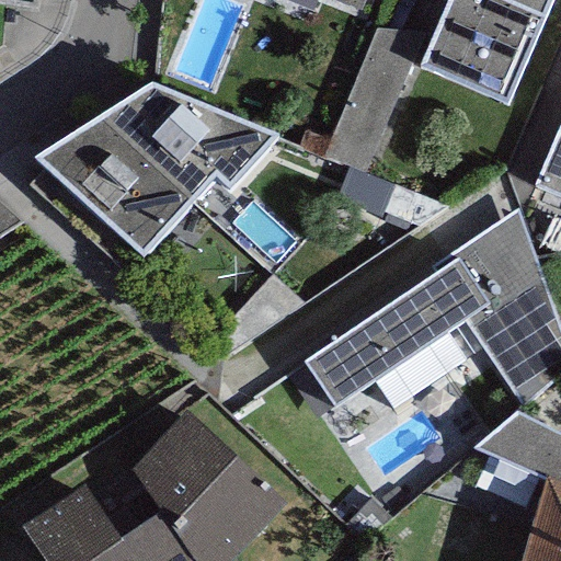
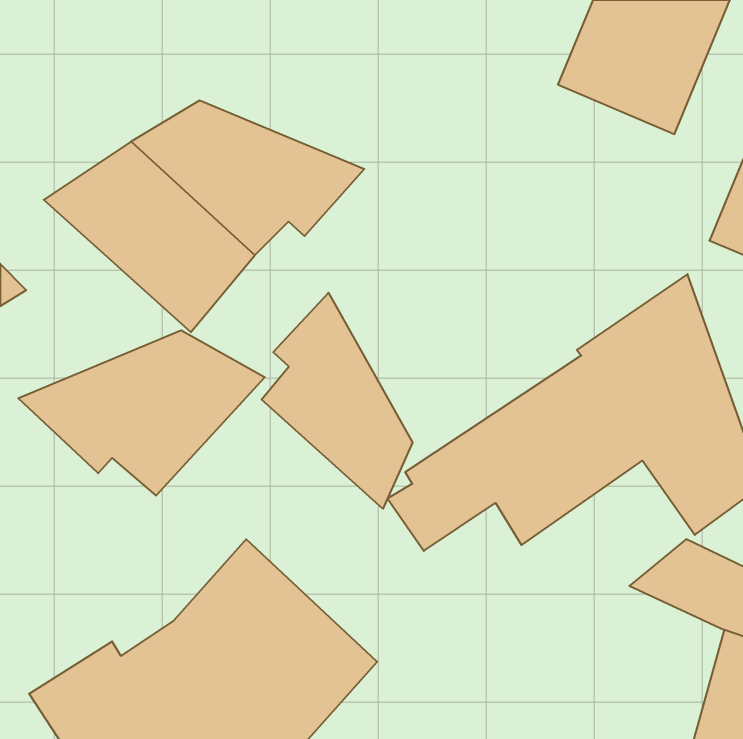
building: none -> [262,293,413,509]
building: none -> [18,330,265,496]

